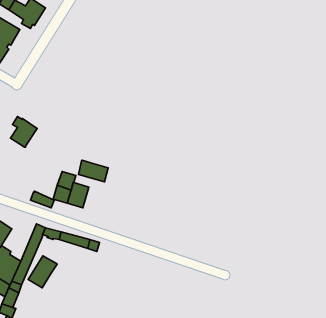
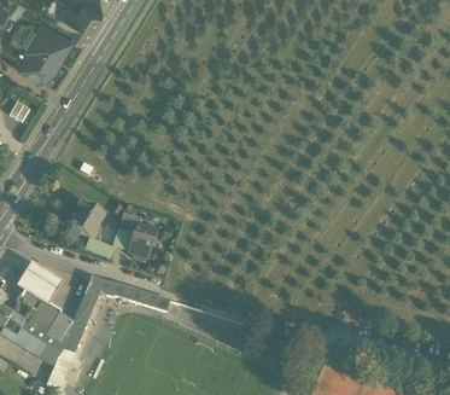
building: [11,116,37,147] -> [72,201,105,238]
building: [79,160,108,182] -> none
building: [28,256,57,288] -> none

